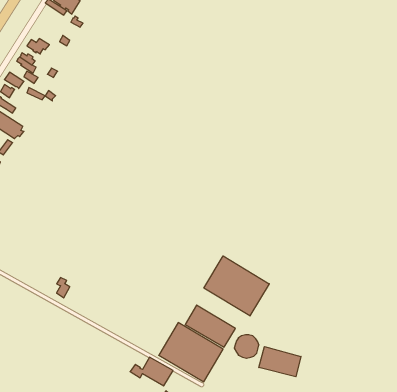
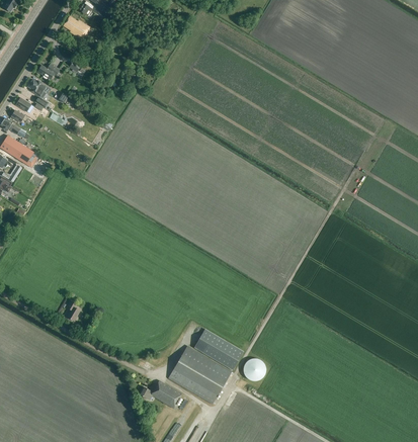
building: [204,256,269,316] -> none
building: [259,347,301,377] -> none

